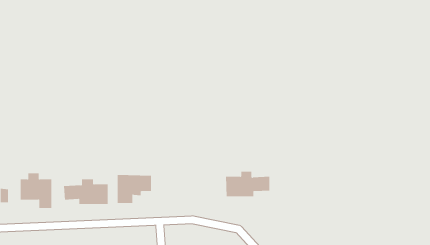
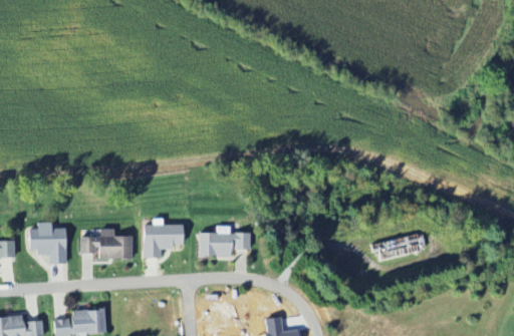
building: [225,171,270,197] -> [198,226,251,256]
building: none -> [376,235,423,259]

